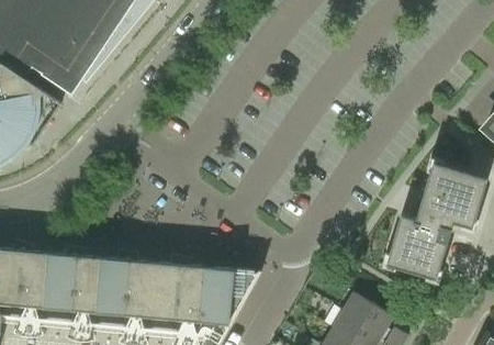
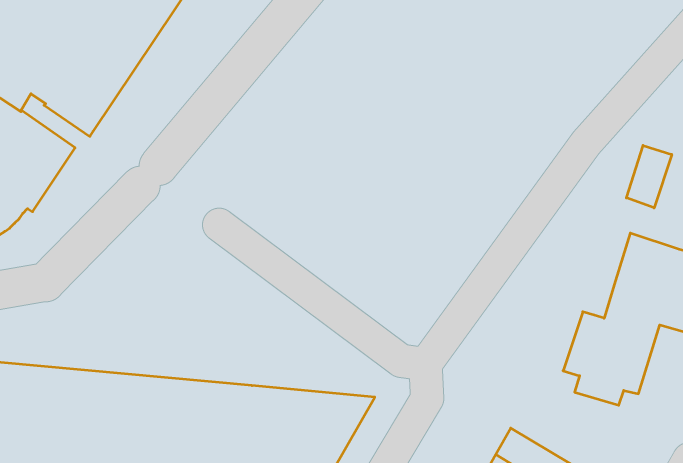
building: none -> [626,145,672,208]

